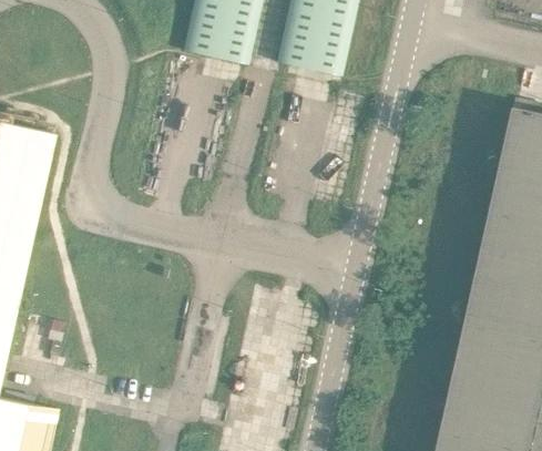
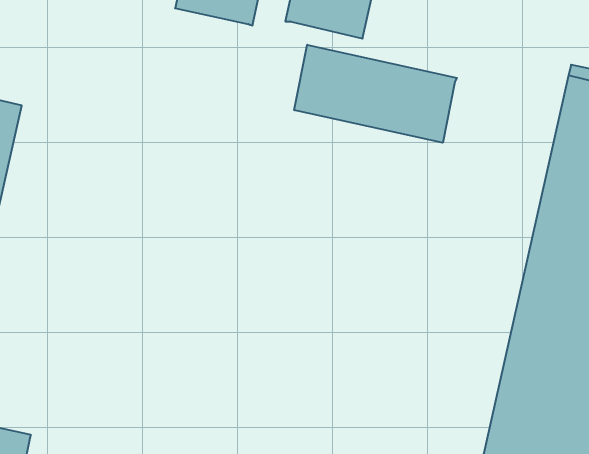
building: none -> [294,45,457,143]

